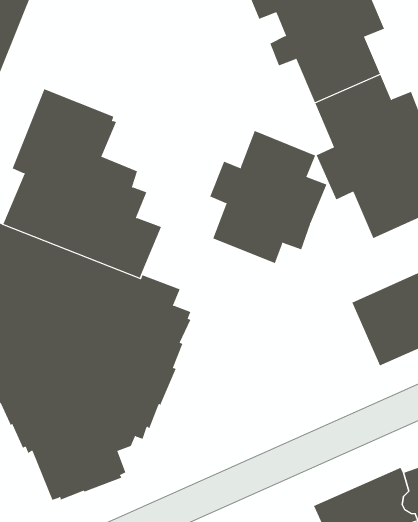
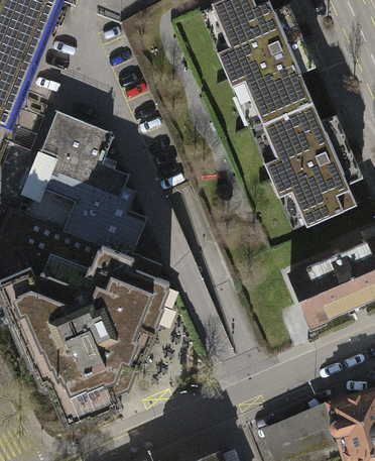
building: [210,130,327,264] -> none

